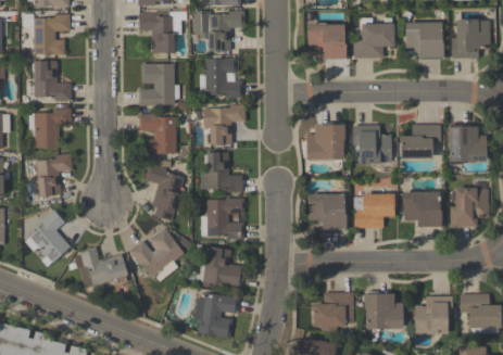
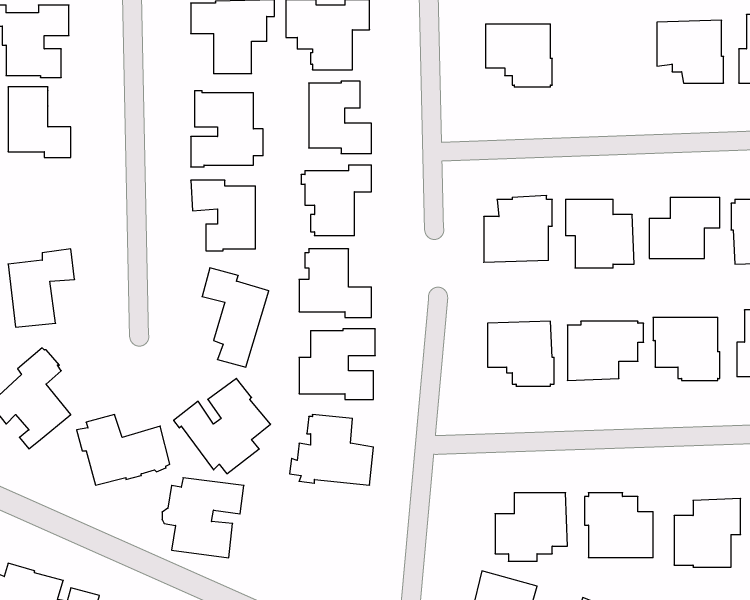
building: [353,20,394,59] -> none
building: [35,109,72,148] -> none
building: [192,293,239,339] -> [162,478,244,558]

